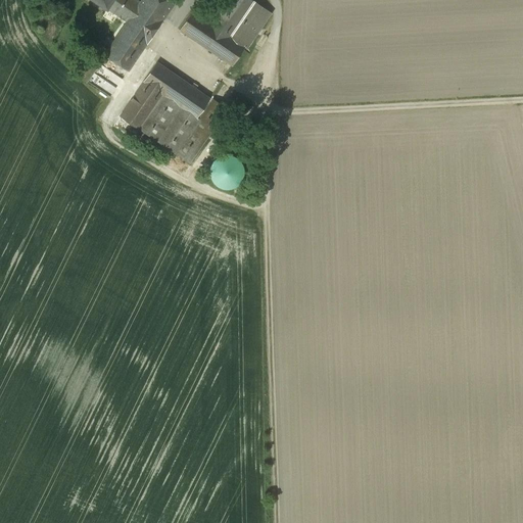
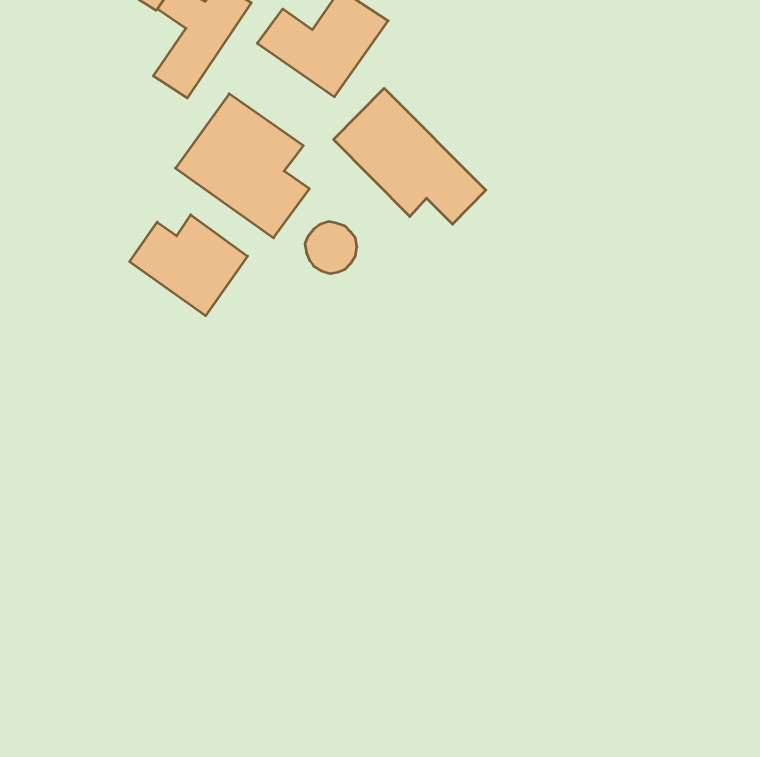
building: none -> [334,88,486,224]
building: none -> [130,215,248,316]

